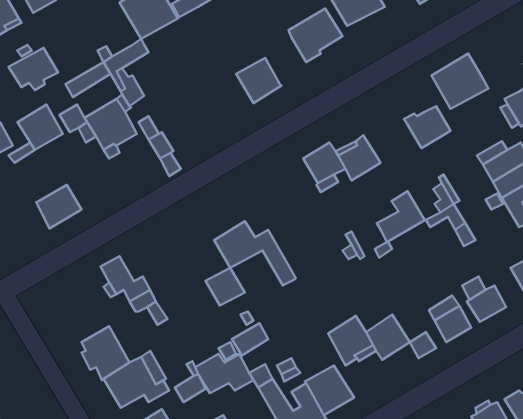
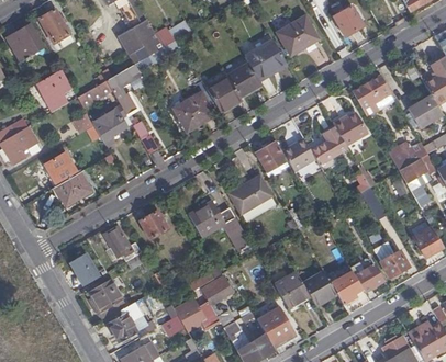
building: none -> [227,61,261,97]
building: none -> [175,92,214,129]
building: [17,105,63,150] -> [45,150,79,184]
building: none -> [230,176,271,213]
building: [377,191,425,242] -> [312,126,348,165]
building: [205,268,245,306] -> [140,210,169,238]
building: none -> [69,252,100,285]

